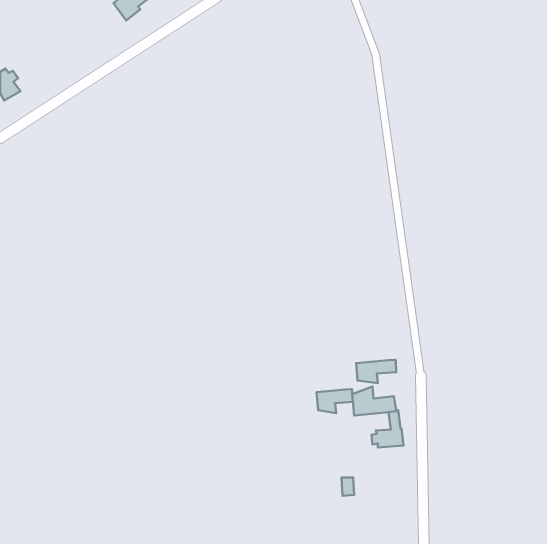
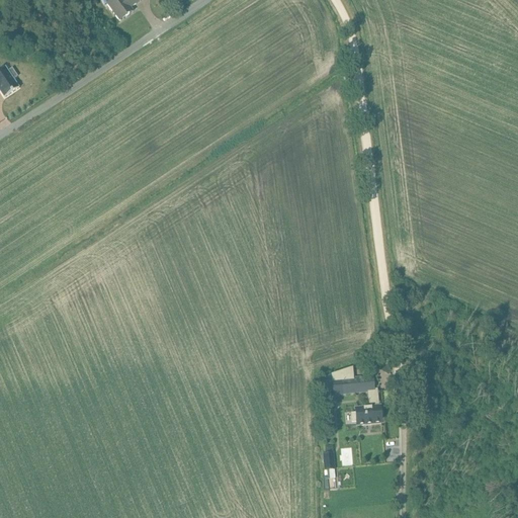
building: [356,360,396,383] -> none
building: [317,389,352,413] -> none

